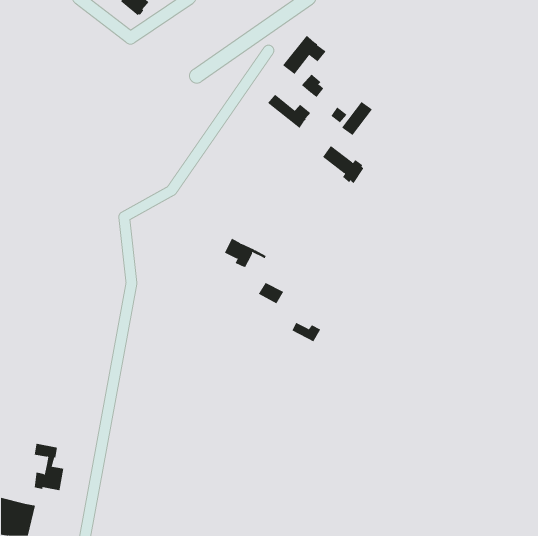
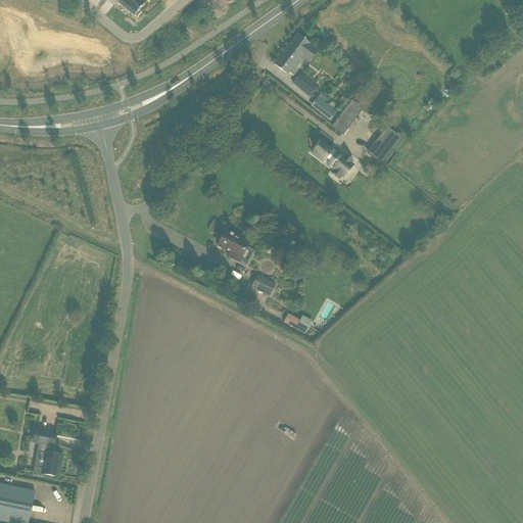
building: [267,94,311,129] -> none
building: none -> [367,126,401,161]

